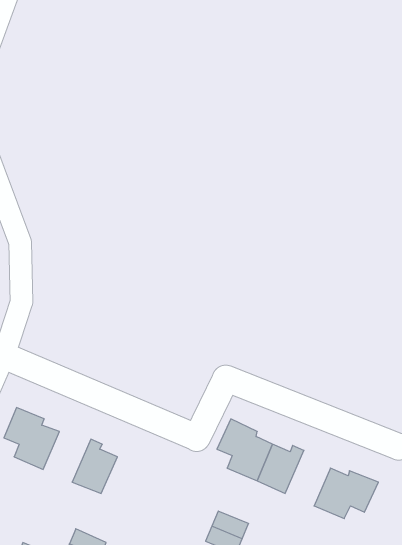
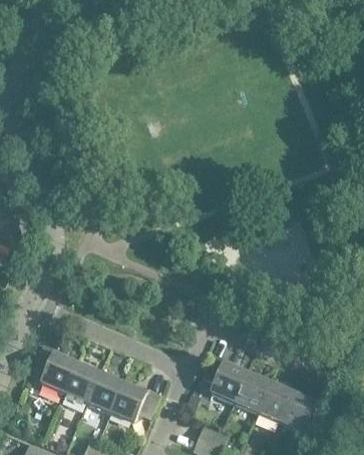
building: none -> [63,364,101,404]
building: none -> [256,379,292,423]
building: none -> [109,384,159,424]

